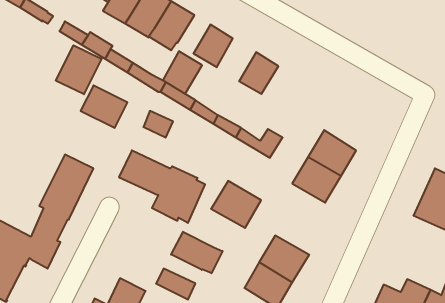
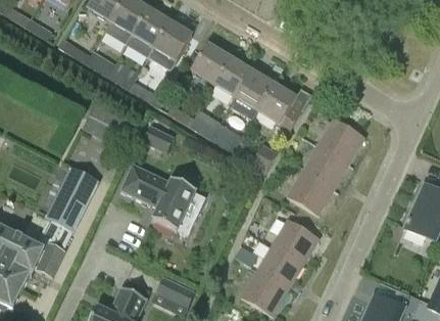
building: [56,45,102,94] -> none
building: [163,51,202,94] -> [214,56,252,97]
building: none -> [257,83,310,131]
building: none -> [317,118,364,164]
building: [211,181,261,228] -> [271,219,319,264]
building: [171,232,223,273] -> none

